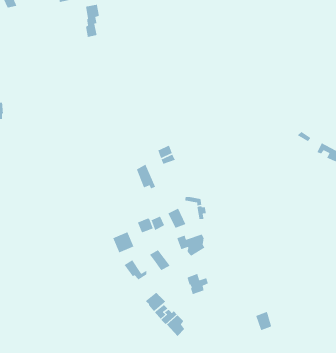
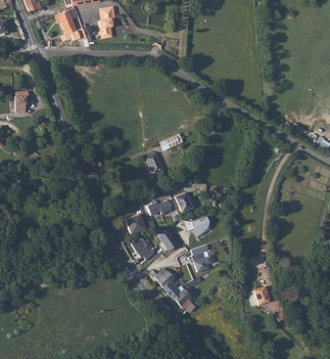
building: none -> [58,9,86,40]

